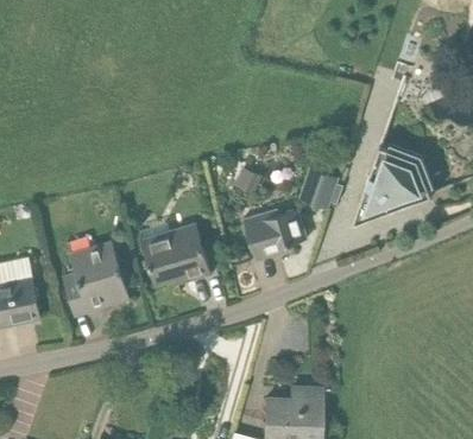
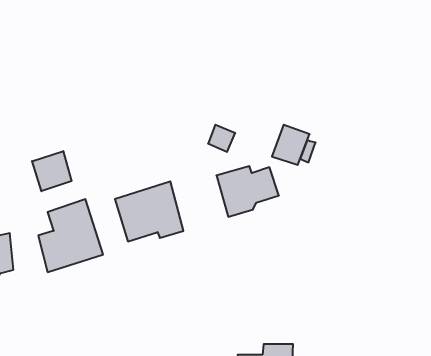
building: [351,147,431,228] -> none
building: none -> [32,151,72,191]

